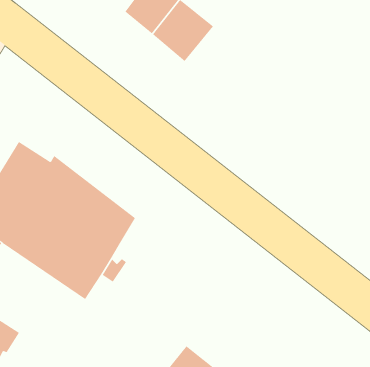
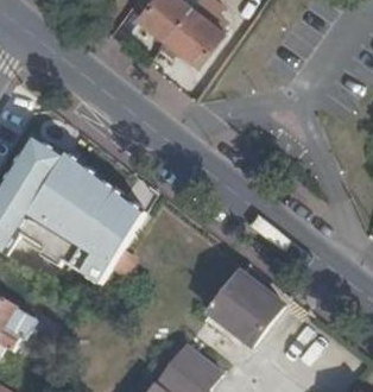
building: none -> [208,273,283,346]

